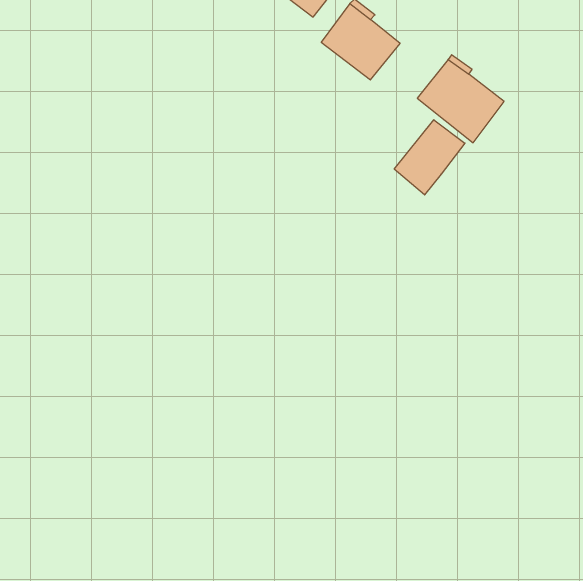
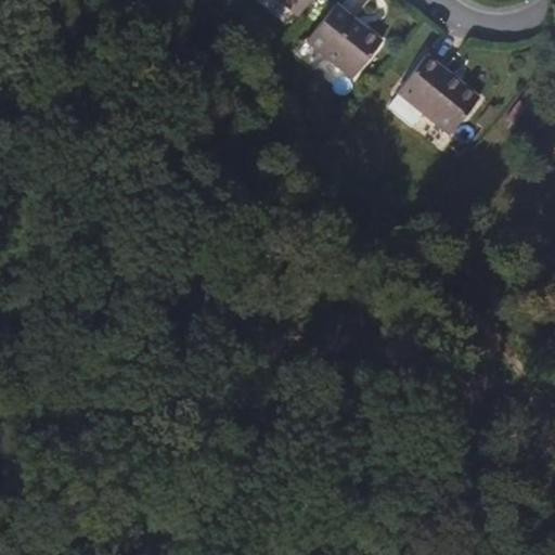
building: [394,120,465,195] -> none

